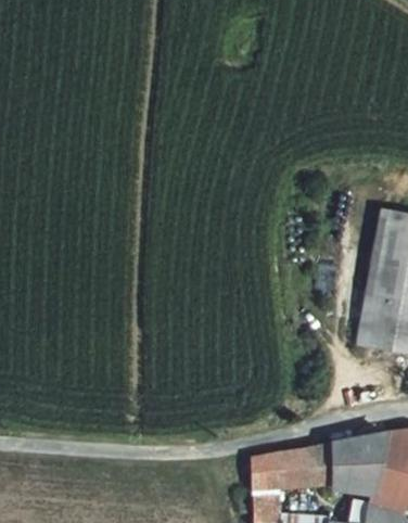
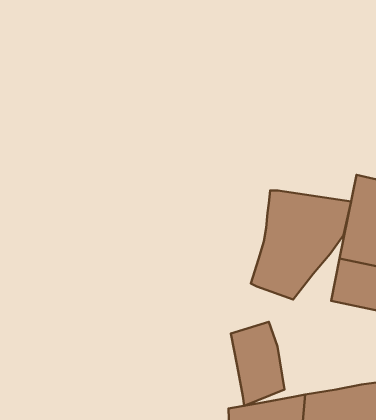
building: none -> [251,191,351,300]
building: none -> [231,322,284,406]

